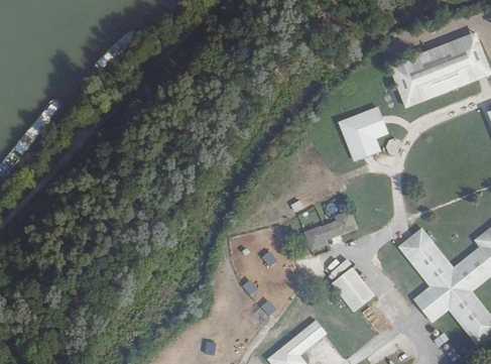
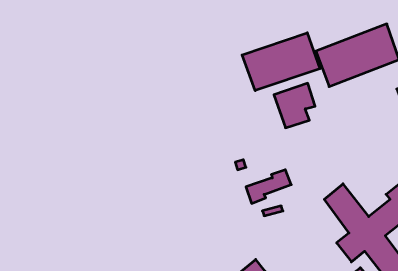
building: none -> [242,33,320,91]
building: [331,266,375,313] -> none

